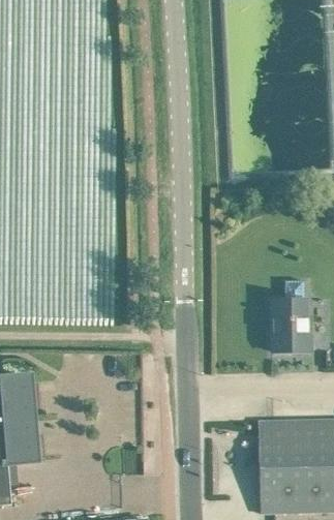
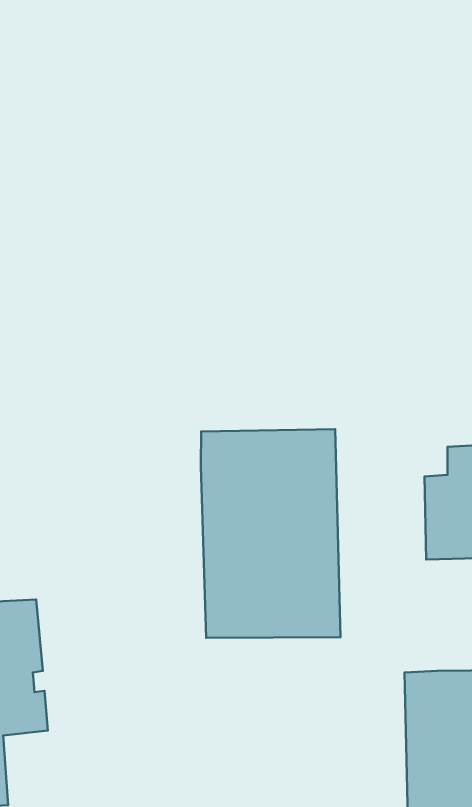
building: none -> [201,429,341,638]

